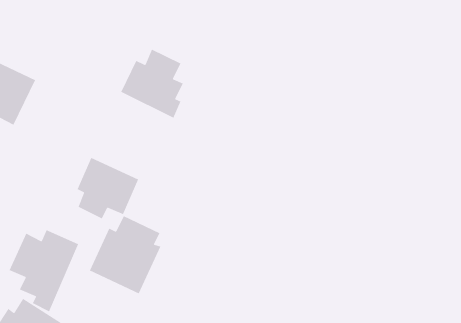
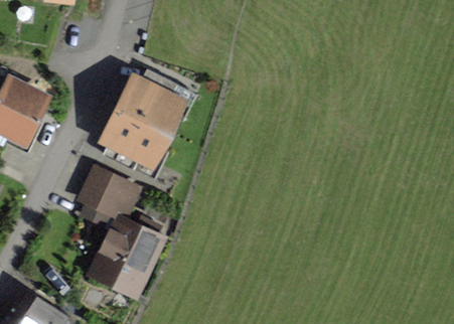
building: none -> [105,109,168,168]
building: [9,229,79,312] -> none

